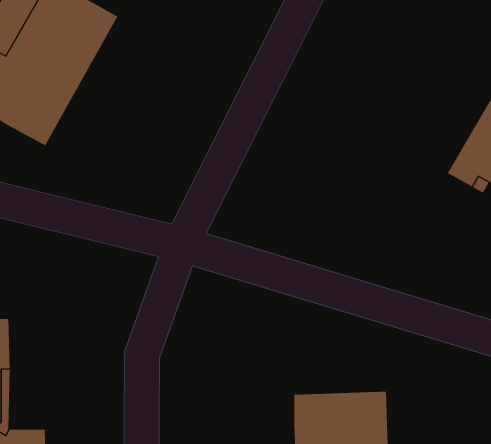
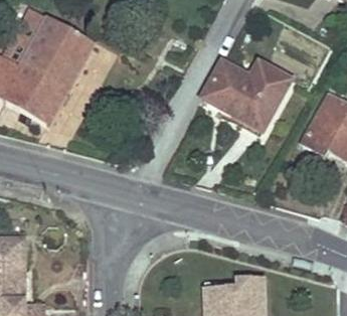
building: none -> [198,64,288,129]

